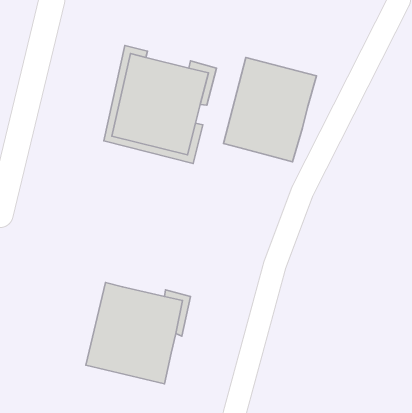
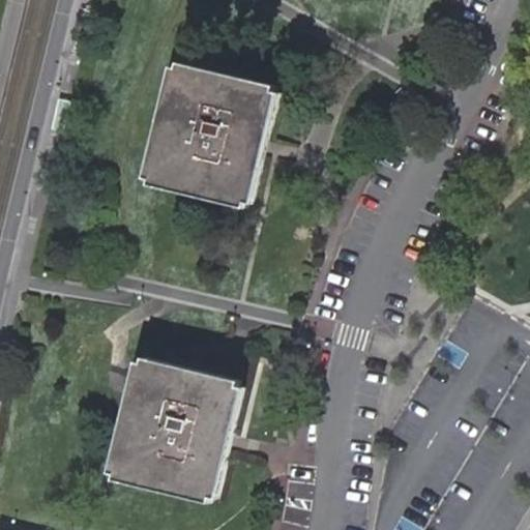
building: [223,58,317,162] -> none
building: none -> [105,352,230,501]

